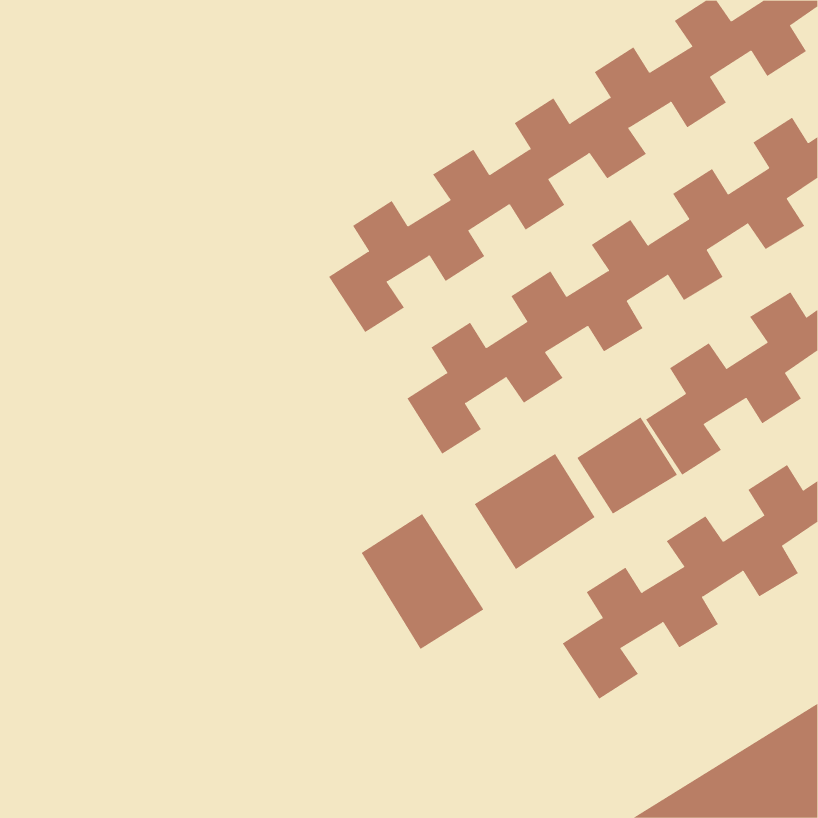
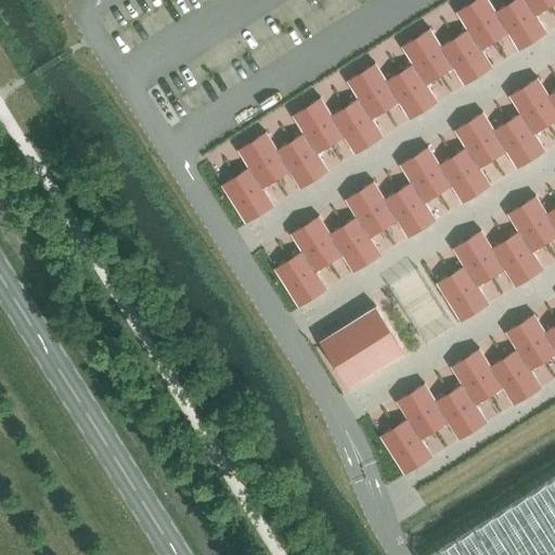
building: [576,417,678,514] -> none
building: [361,513,484,650] -> none

